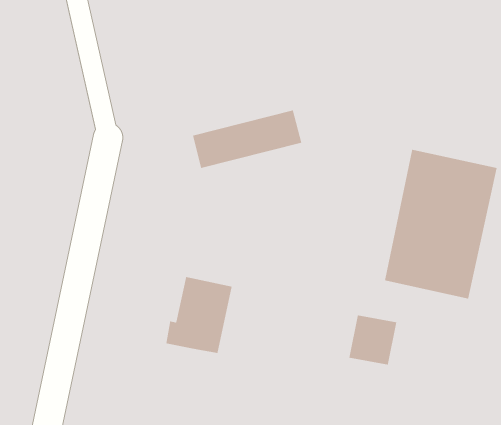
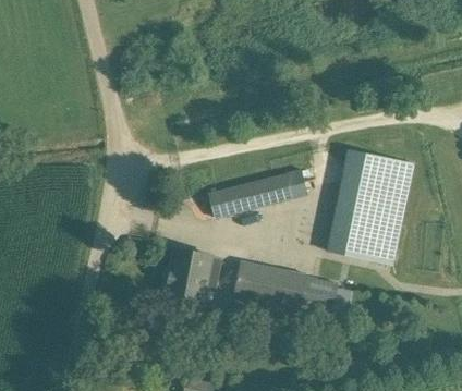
building: [192,110,302,168] -> [210,173,294,218]
building: none -> [236,261,307,308]

